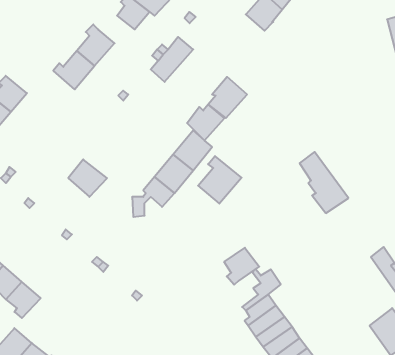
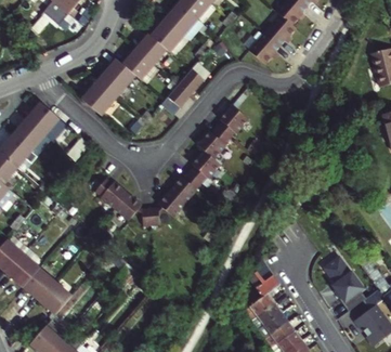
building: none -> [120,51,152,79]
building: [300,152,348,213] -> [325,258,367,311]
building: [198,156,242,204] -> none
building: none -> [113,192,151,225]
building: [224,248,259,285] -> none

